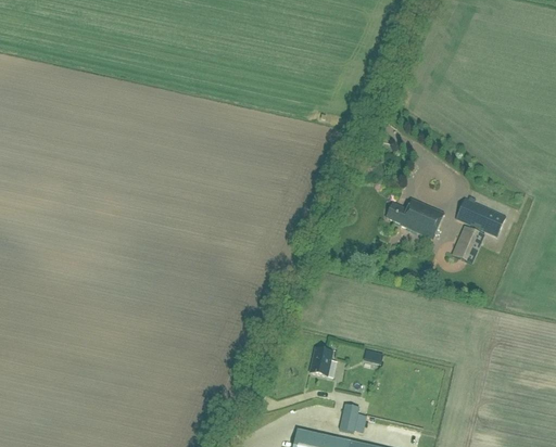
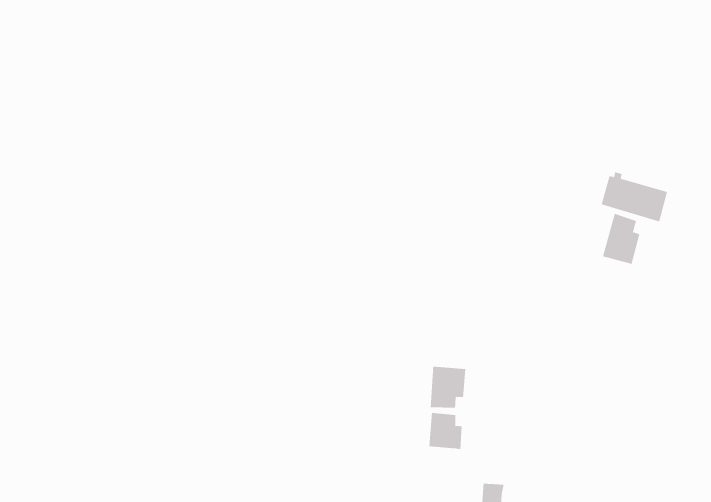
building: [386,197,444,238] -> none
building: none -> [430,366,466,408]

